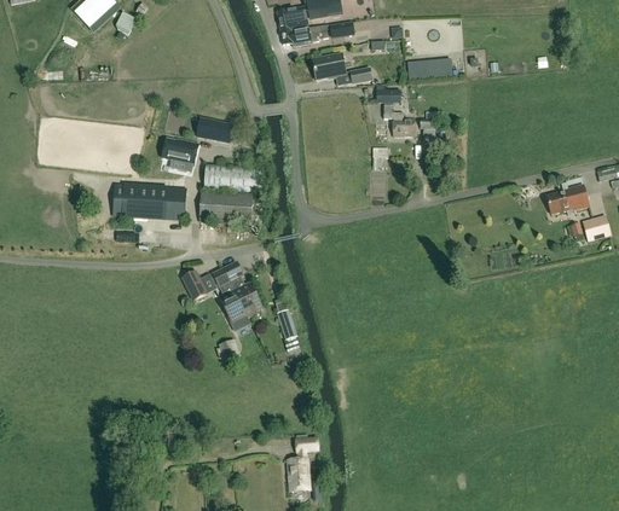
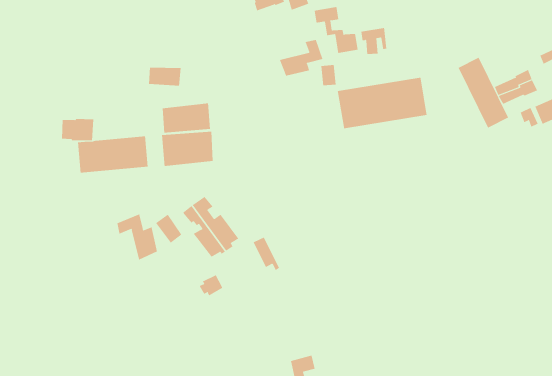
building: none -> [279,39,323,76]
building: [163,139,199,166] -> [61,119,94,141]
building: none -> [458,57,509,128]
building: none -> [337,77,427,129]
building: none -> [117,213,158,260]

